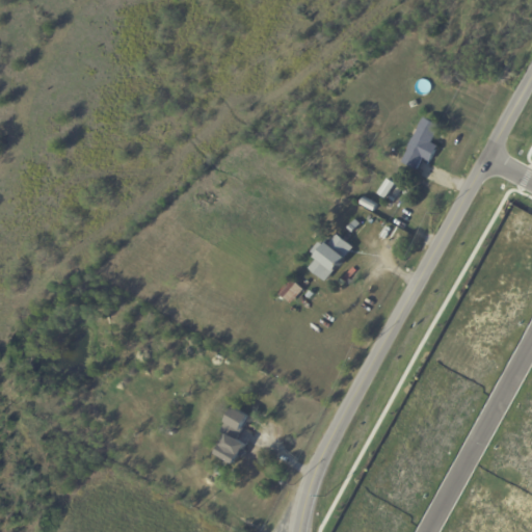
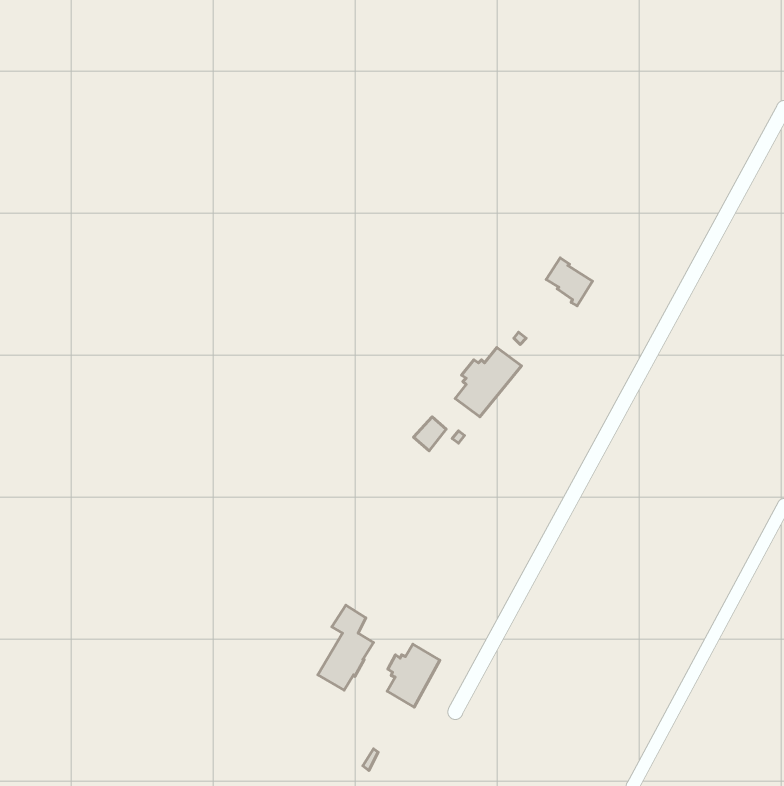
building: [400,116,437,168] -> none
building: none -> [387,644,440,707]

